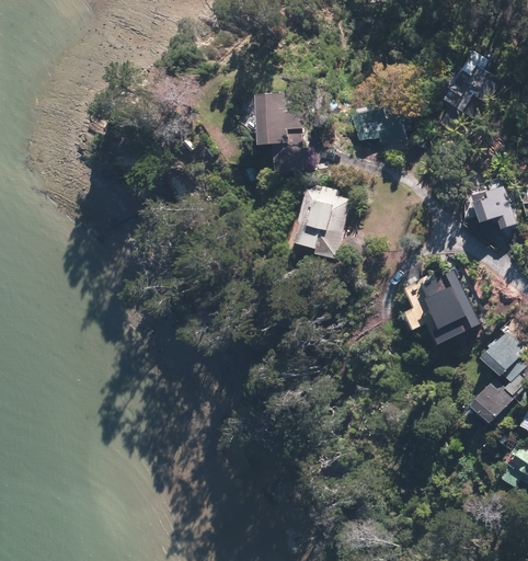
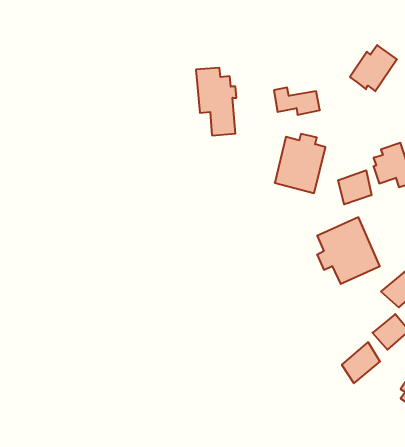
building: [290,188,349,257] -> [275,134,325,193]
building: none -> [338,170,371,204]
building: none -> [342,342,380,383]

